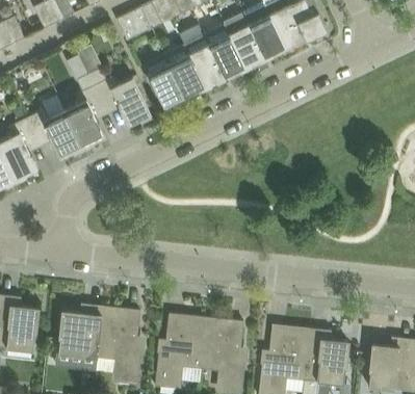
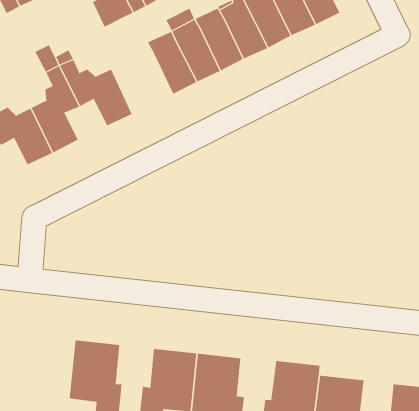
building: [142,53,185,107] -> none
building: [58,311,101,357] -> none

